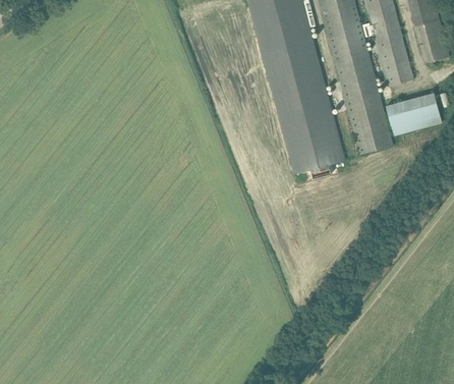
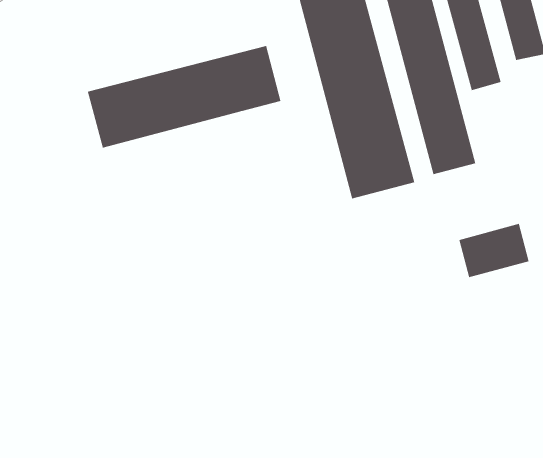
building: none -> [87,45,281,148]
building: [385,92,442,135] -> [458,223,530,278]

